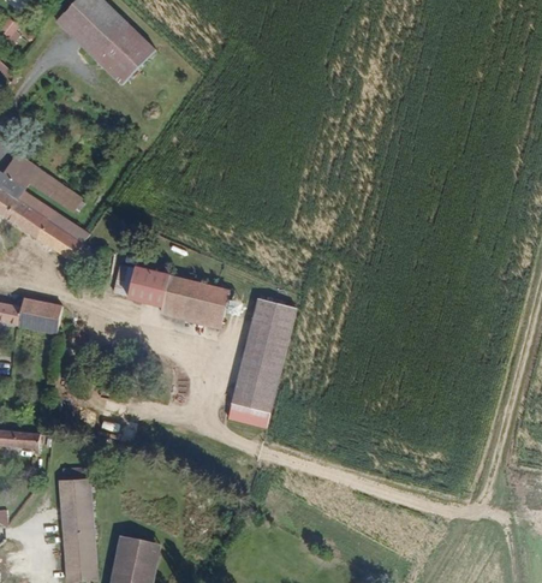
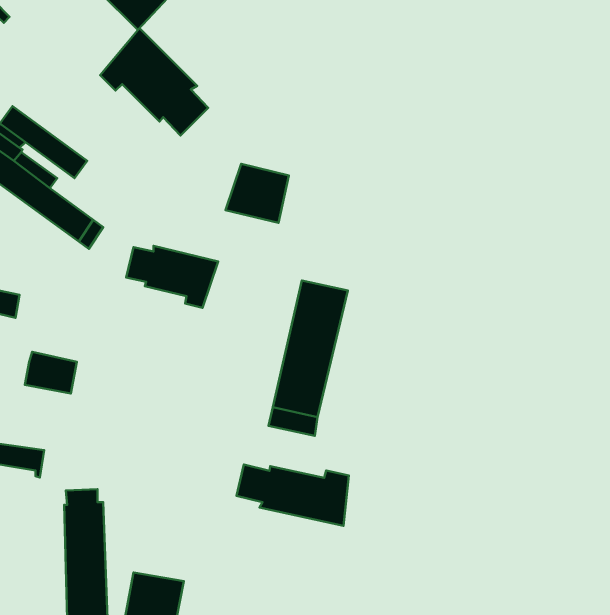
building: none -> [100,28,208,135]
building: [175,280,228,329] -> [225,164,289,223]
building: [19,299,62,334] -> [25,352,77,393]
building: none -> [237,464,349,526]

